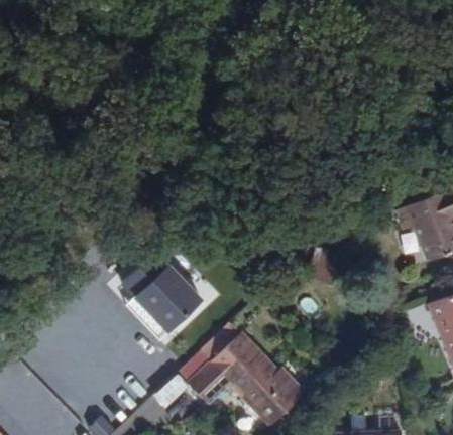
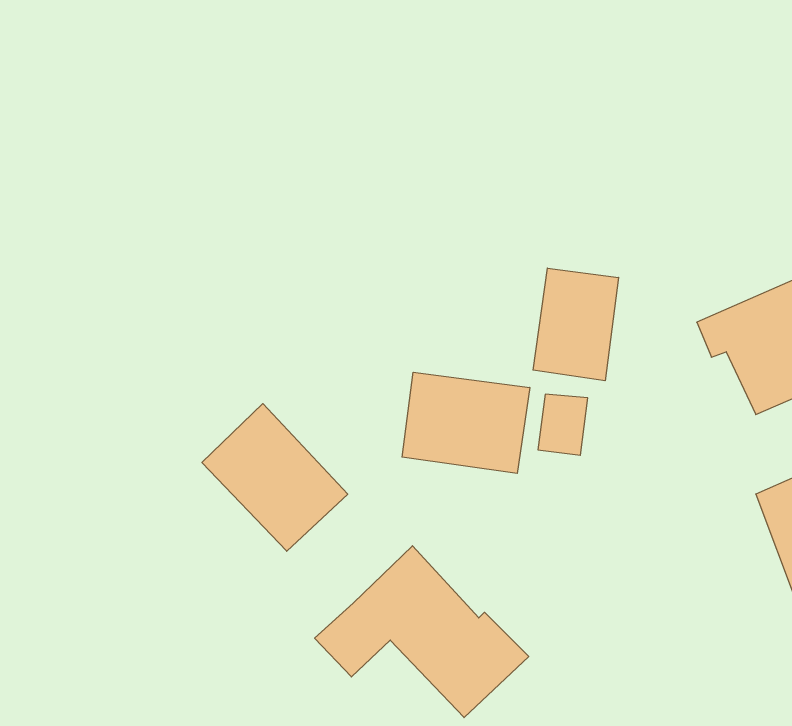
building: none -> [533,268,619,381]
building: none -> [402,372,530,473]

